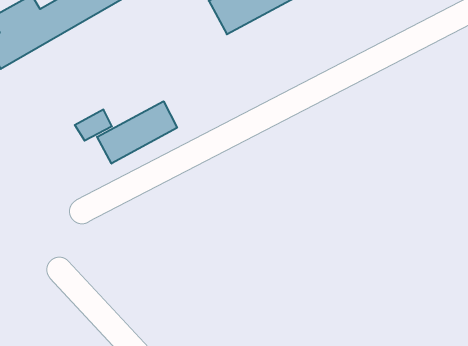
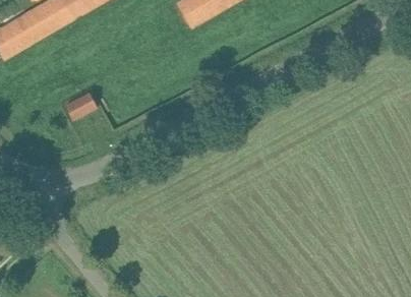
building: [97,101,177,164] -> none

